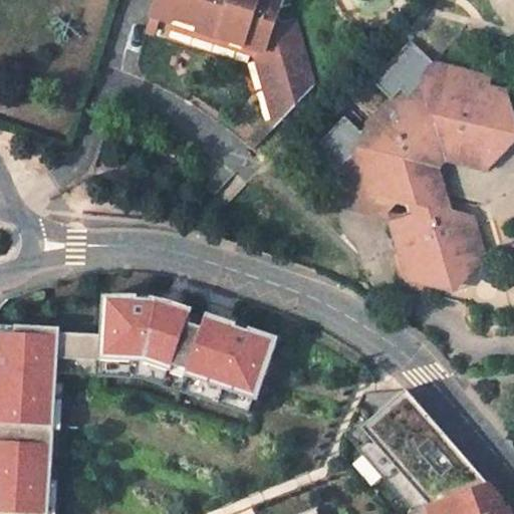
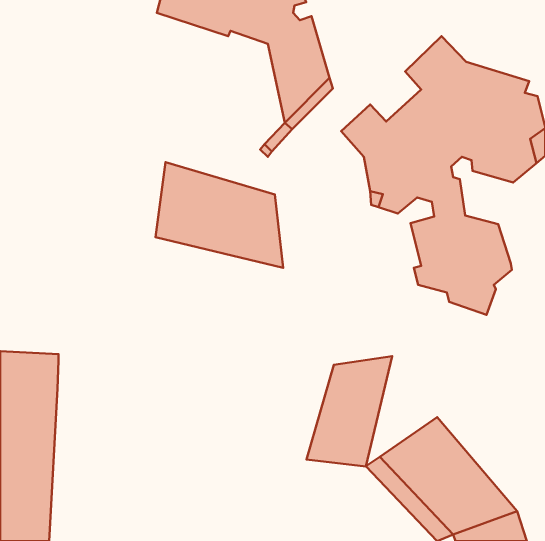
building: none -> [155,162,283,268]
building: [54,302,274,411] -> none
building: none -> [306,356,392,467]

